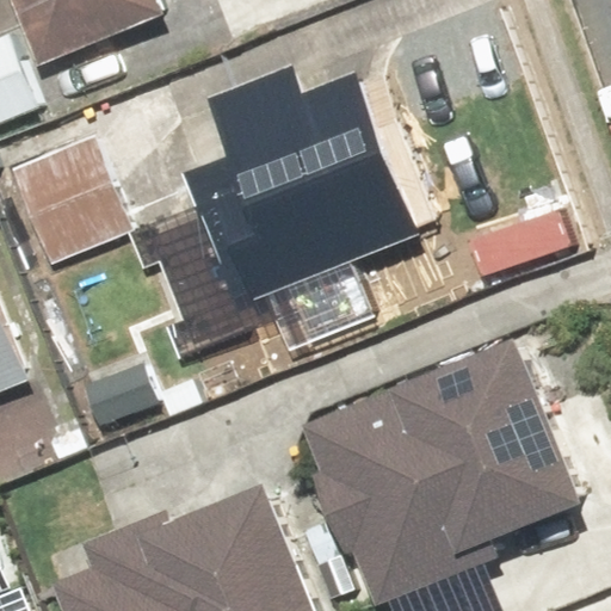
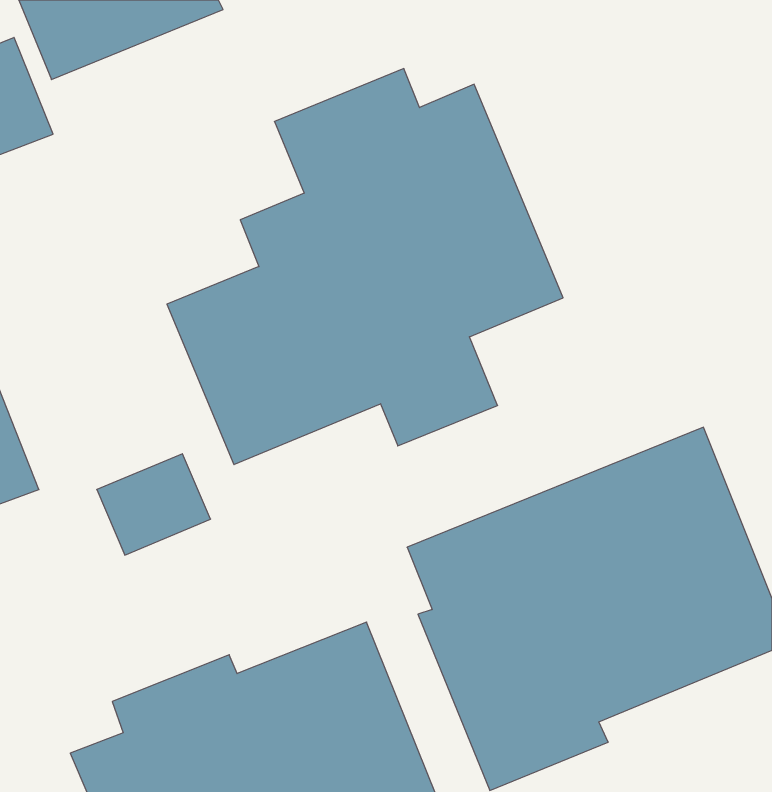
building: [13,132,138,261] -> none

